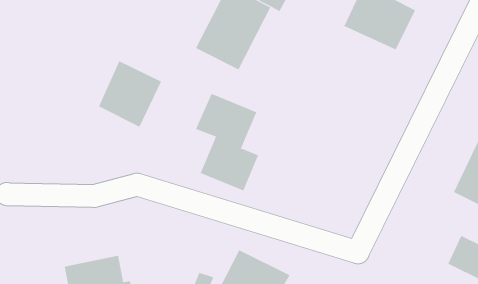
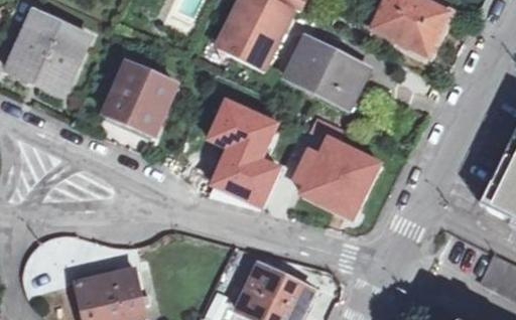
building: none -> [9,14,89,95]
building: none -> [282,36,379,116]
building: none -> [294,140,377,219]

